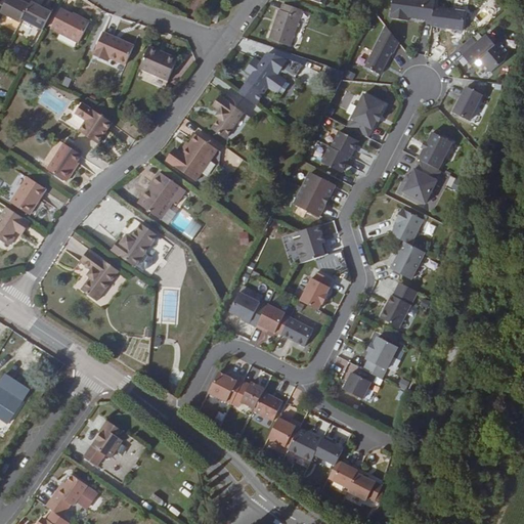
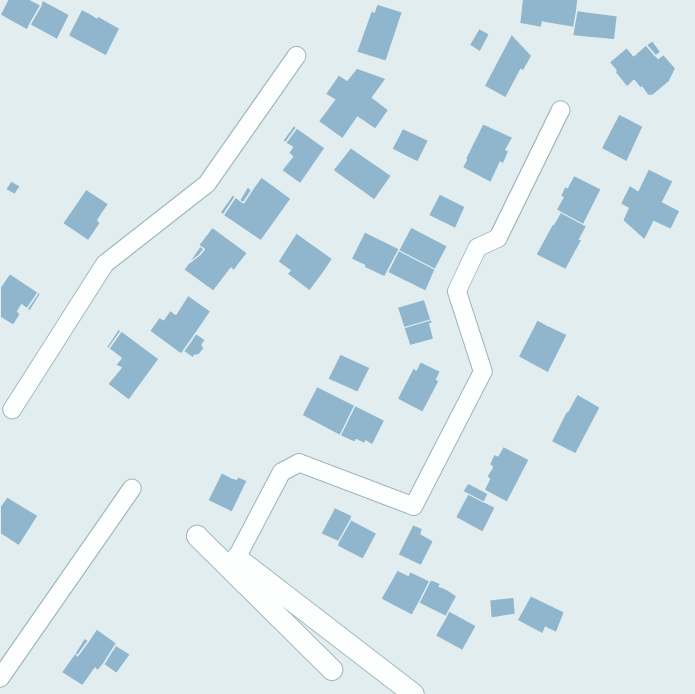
building: [93,32,134,64] -> none
building: [140,45,178,80] -> none
building: [75,101,114,143] -> none
building: none -> [333,147,392,200]
building: none -> [620,169,680,240]
building: [332,131,359,157] -> [392,128,428,162]
building: none -> [351,232,399,277]
building: none -> [278,233,333,291]
building: [11,176,47,215] -> none
building: [392,208,424,245] -> none
building: [382,277,419,322] -> [551,394,600,454]
building: [280,316,312,345] -> [328,354,370,392]
building: [209,372,238,401] -> [208,473,247,512]
building: [269,414,296,445] -> [398,525,433,565]
building: [85,419,123,465] -> none
building: [347,473,383,501] -> [517,596,565,634]

